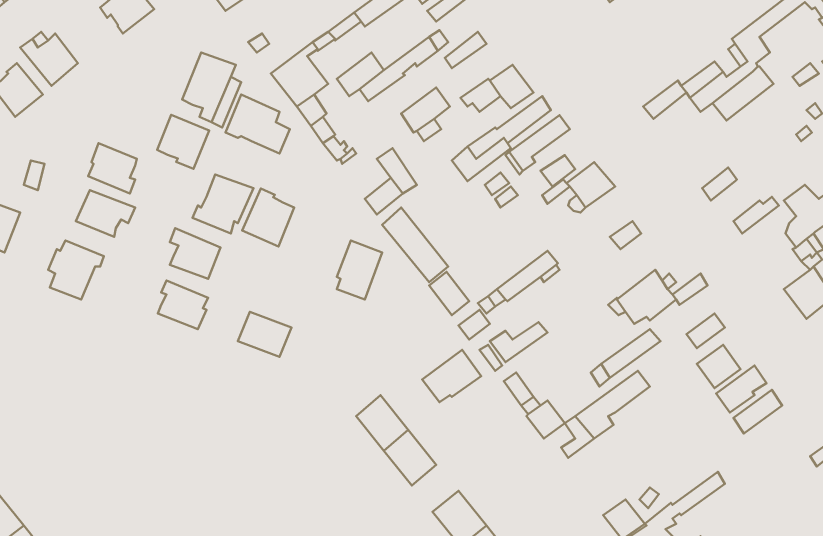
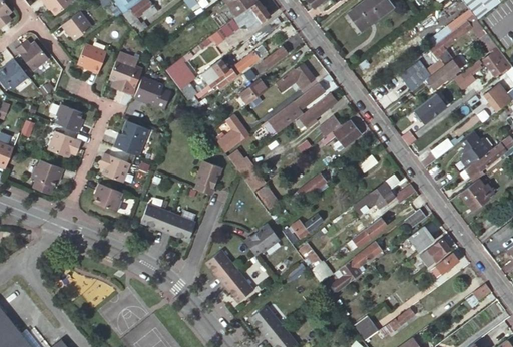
building: none -> [412,89,446,121]
building: [157,115,209,169] -> [80,47,110,78]
building: [242,189,294,246] -> none
building: none -> [167,215,197,241]

